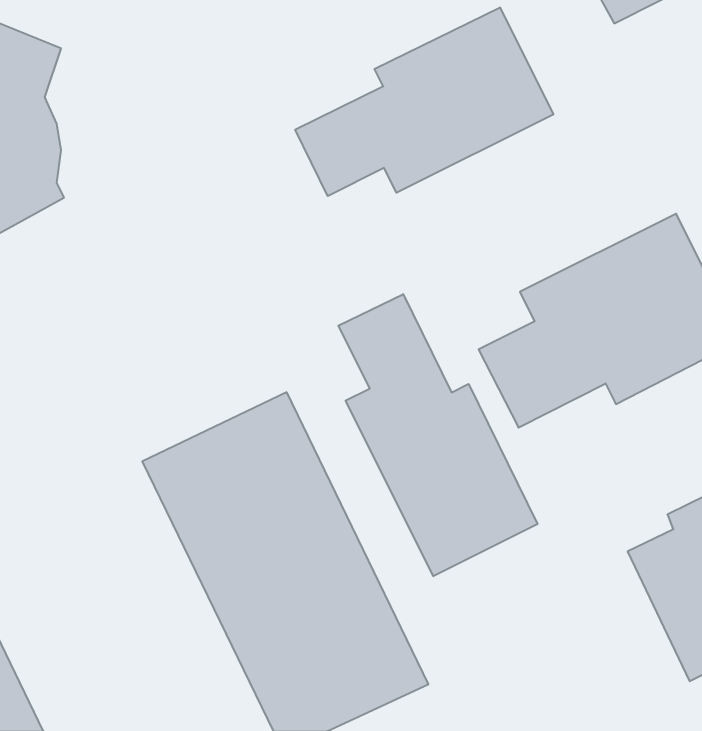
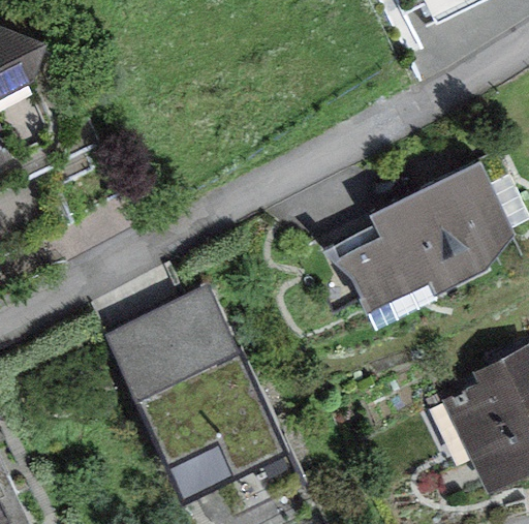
building: [295,7,553,196] -> none
building: [338,294,537,576] -> none

